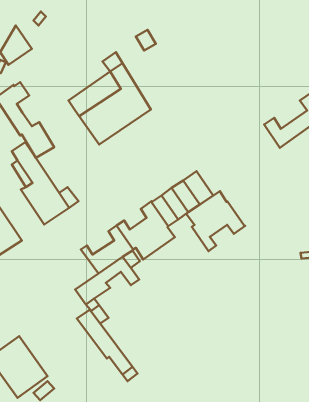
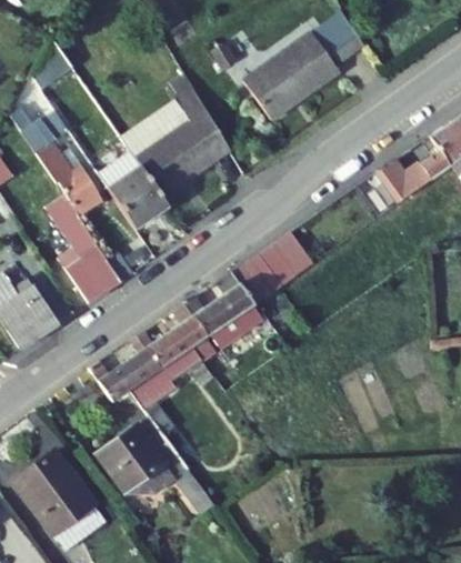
building: none -> [244,11,364,120]
building: none -> [98,150,169,228]
building: [186,191,245,251] -> none
building: none -> [90,335,161,401]
building: none -> [99,428,172,492]

